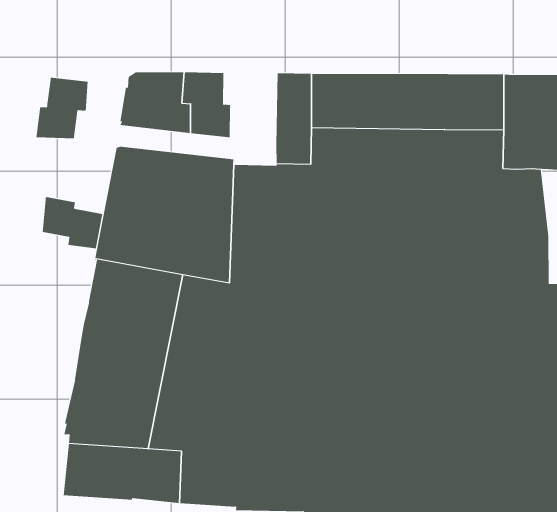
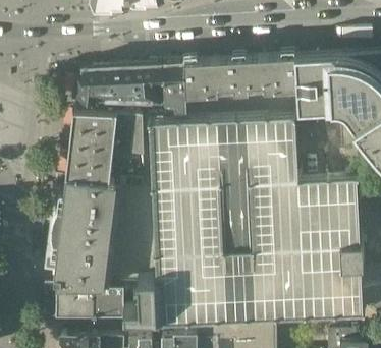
building: none -> [133,63,166,105]
building: [36,77,88,139] -> none
building: [42,196,103,249] -> none

